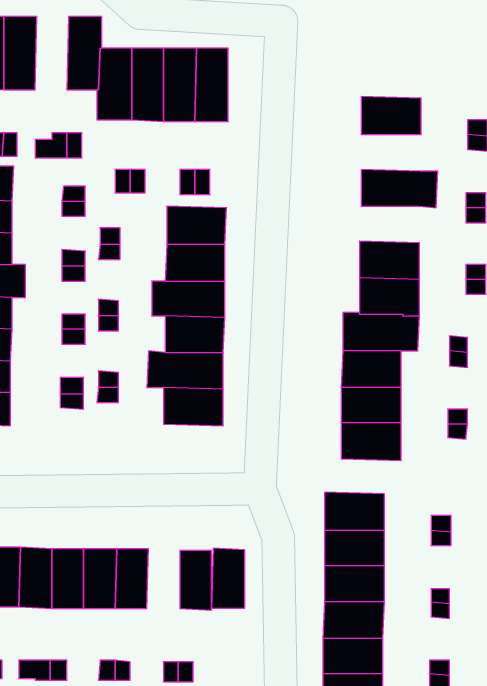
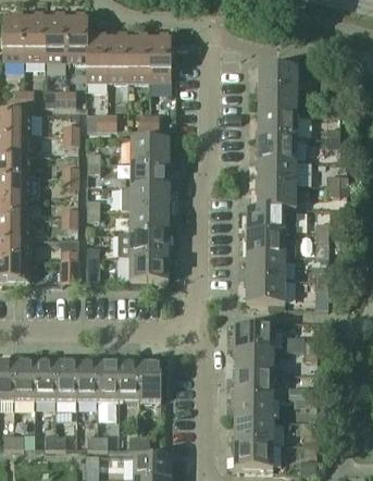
building: none -> [45,13,66,61]
building: none -> [258,90,297,114]
building: none -> [257,137,296,161]
building: [212,548,245,608] -> [117,361,139,400]

